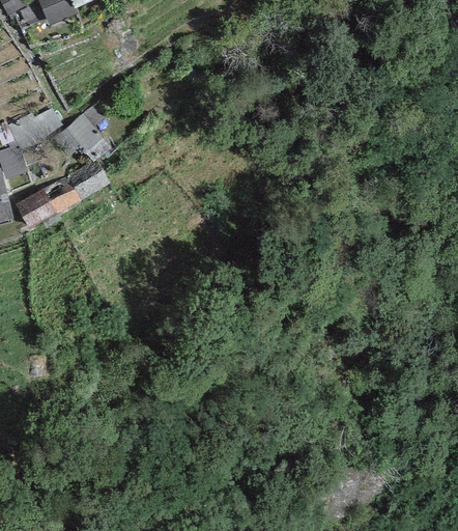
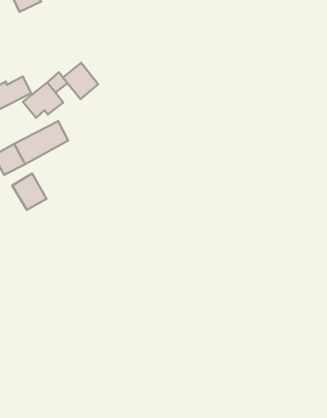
building: none -> [63,63,98,99]
building: none -> [12,174,46,210]

